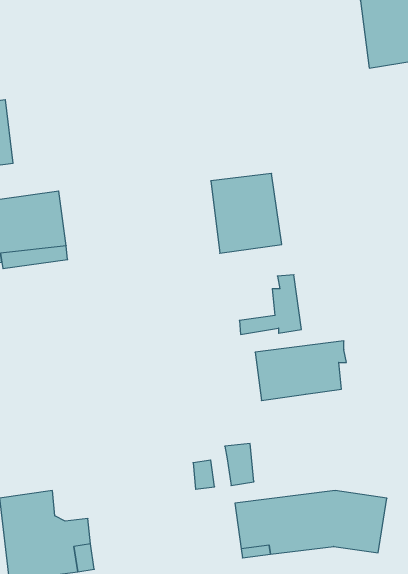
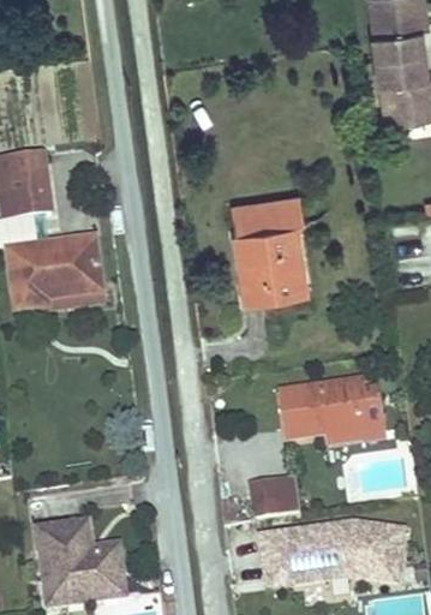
building: none -> [233,192,301,227]
building: [239,275,301,334] -> [327,386,385,442]

